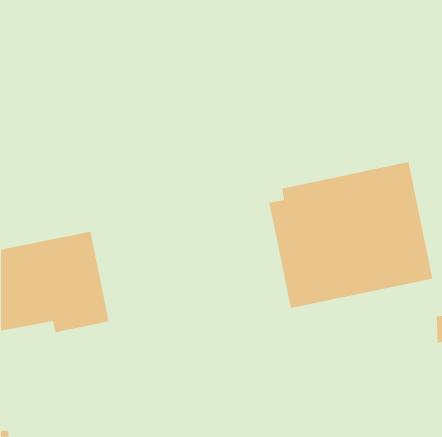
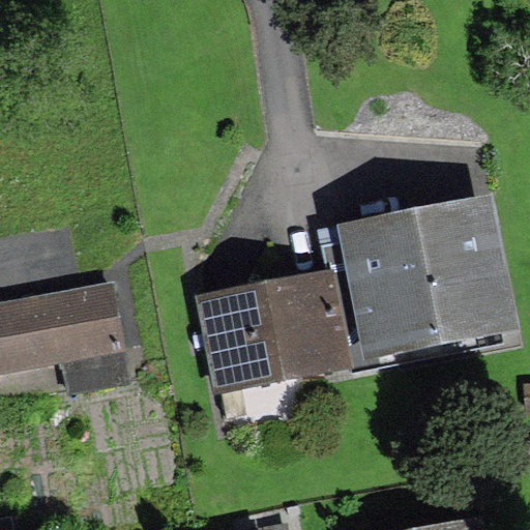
building: none -> [195,266,348,395]

